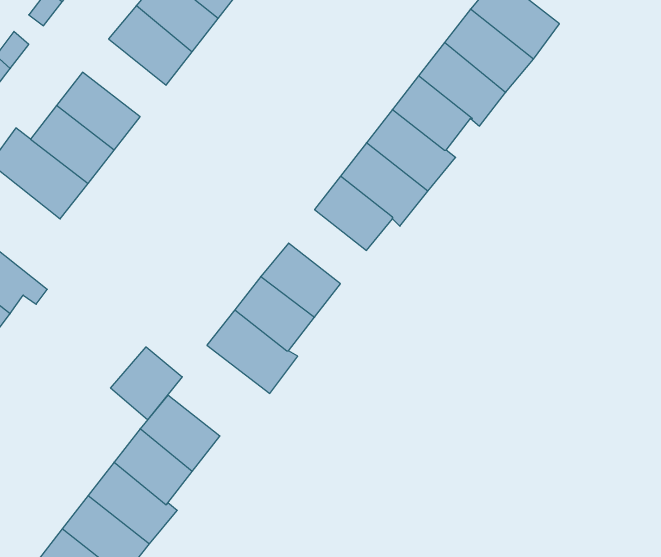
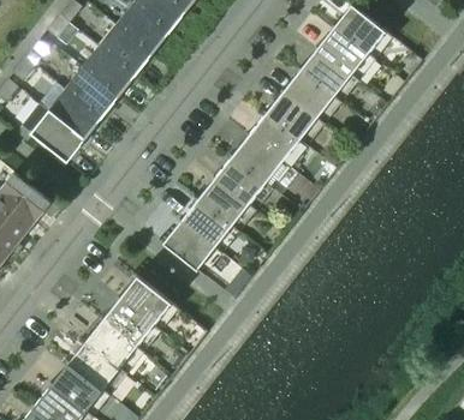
building: none -> [81,46,135,96]
building: none -> [214,156,264,204]
building: [111,347,182,420] -> none

